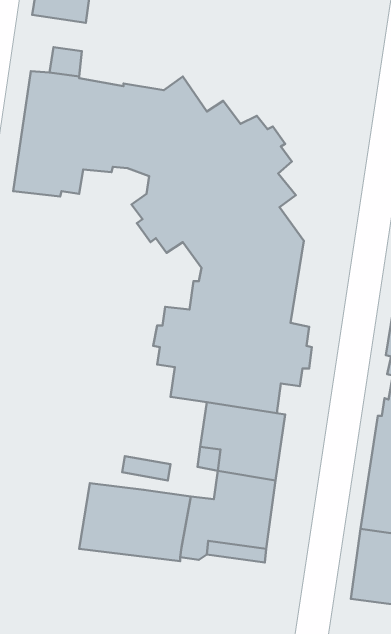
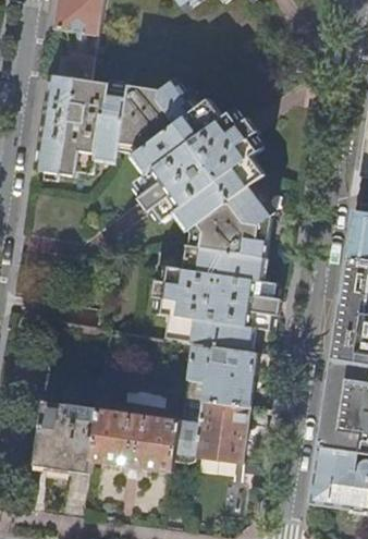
building: none -> [32,400,98,471]

